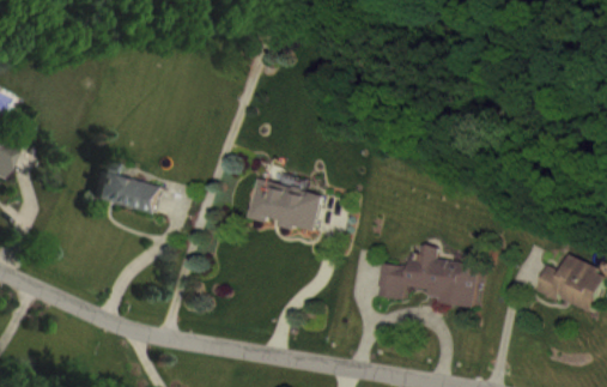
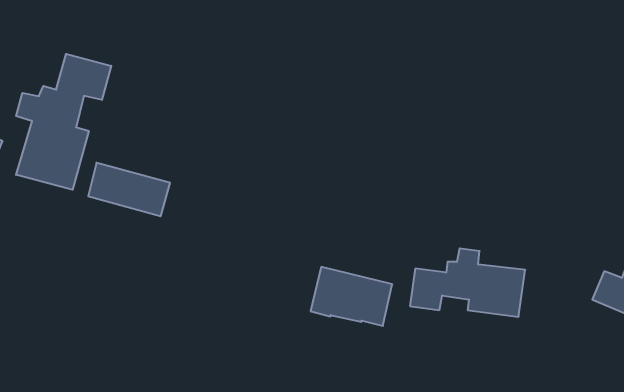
building: none -> [16,54,111,190]
building: [247,179,320,231] -> [311,267,392,326]

